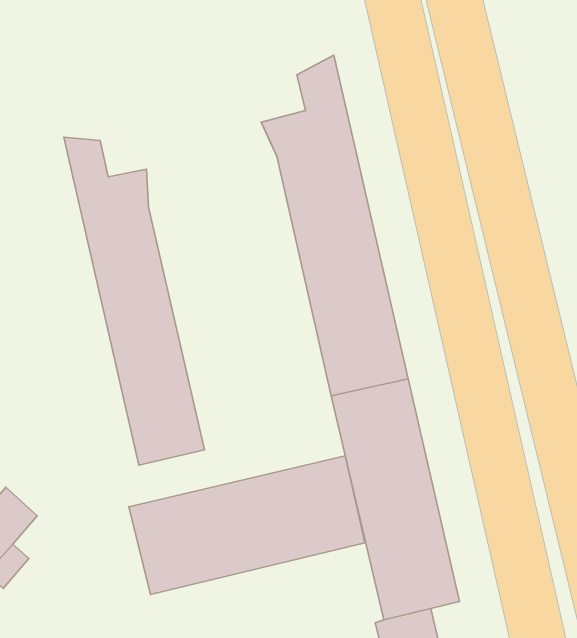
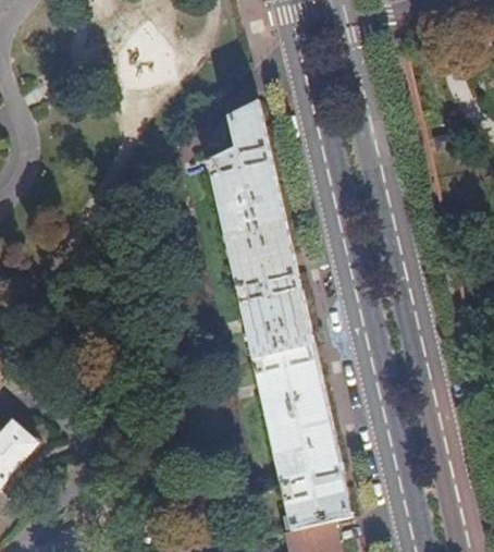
building: [64,137,205,465] -> none
building: [129,456,365,595] -> none

